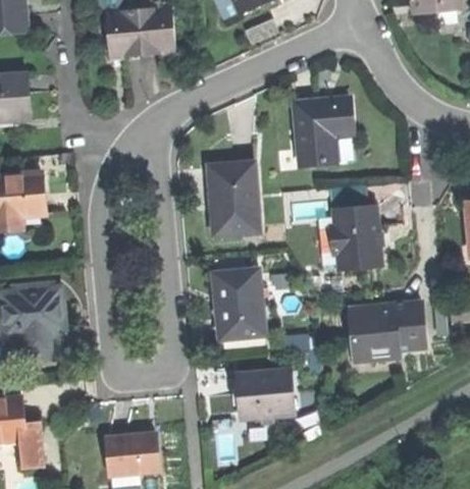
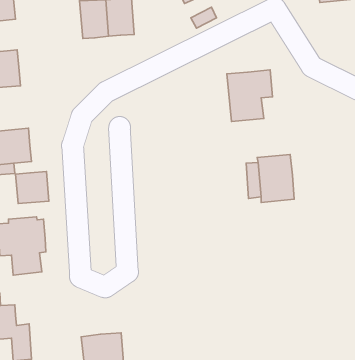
building: [208,161,260,236] -> none
building: none -> [16,172,49,204]
building: [215,269,265,339] -> none
building: [350,297,424,359] -> none
building: [238,369,294,418] -> none

